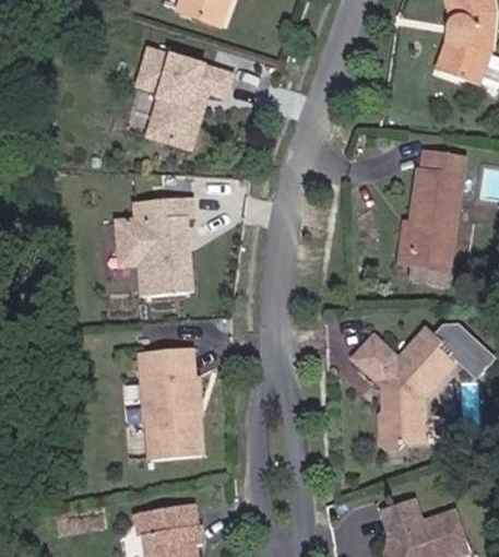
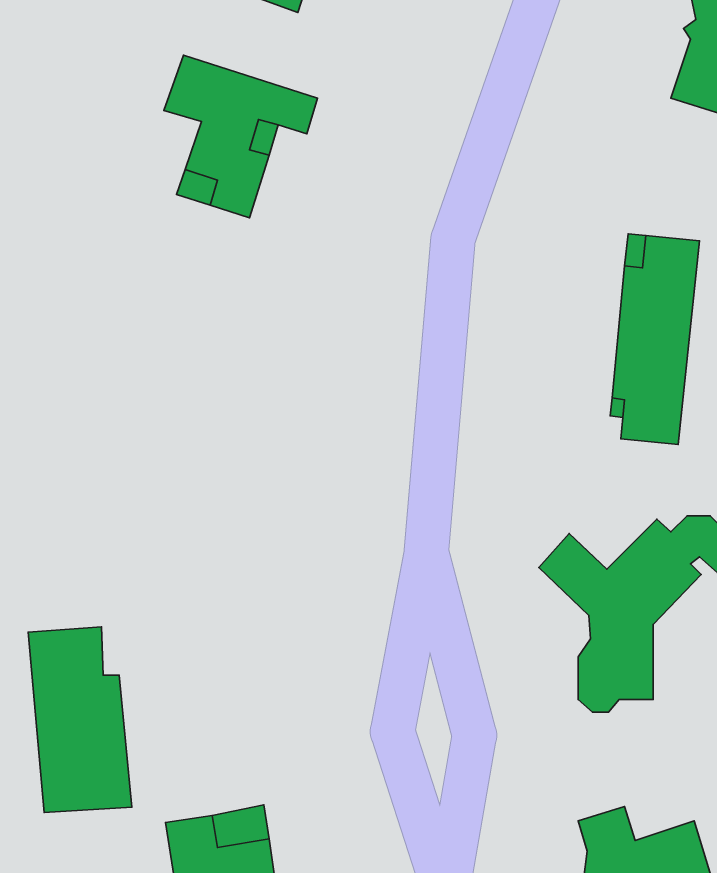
building: [110,197,187,296] -> none
building: [140,347,203,461] -> [28,627,132,812]

